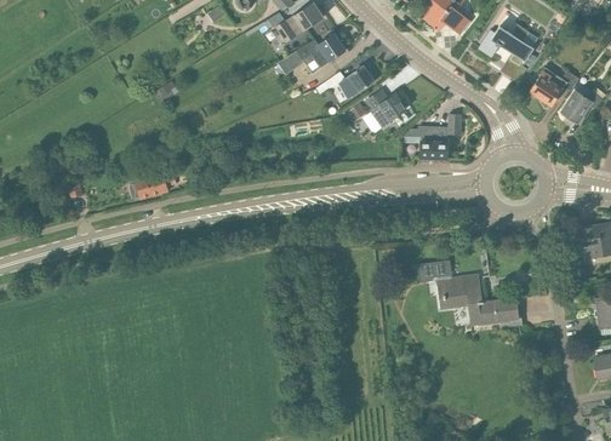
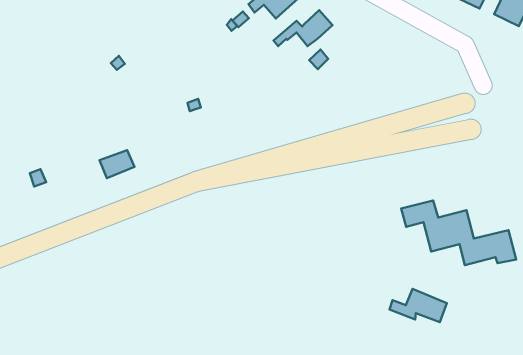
building: [366,90,406,127] -> none
building: [402,115,462,164] -> none
building: none -> [390,289,447,322]

